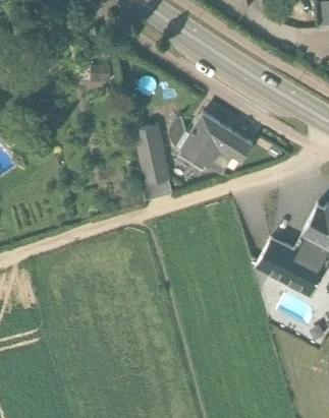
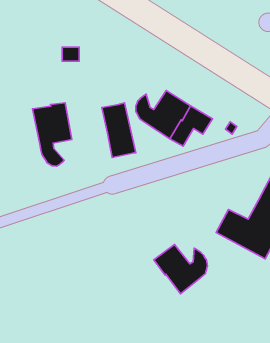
building: none -> [32,103,72,166]
building: none -> [154,244,208,294]

